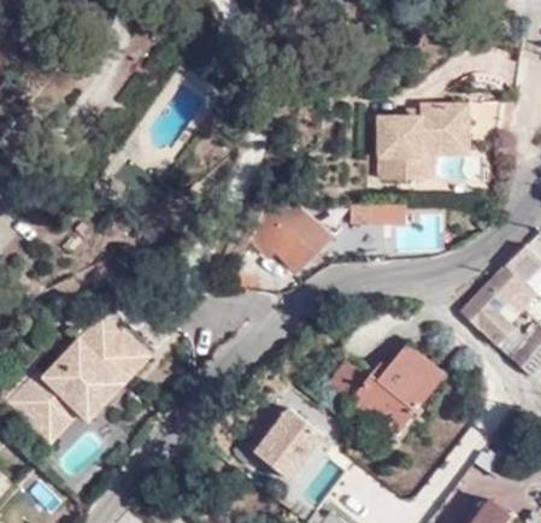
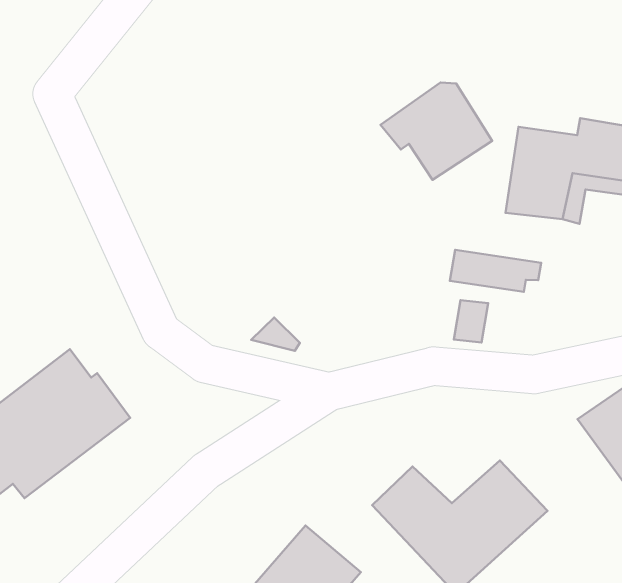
building: [249,205,328,274] -> [380,82,492,180]

